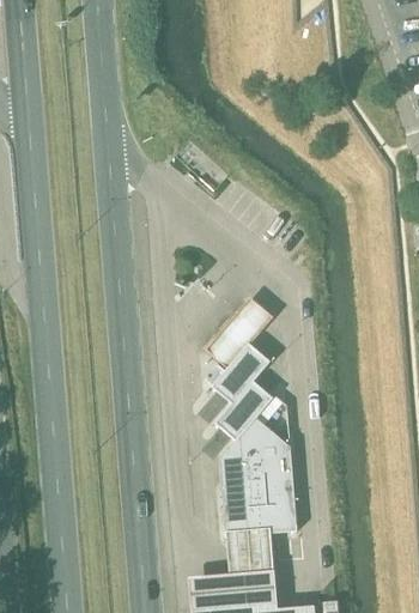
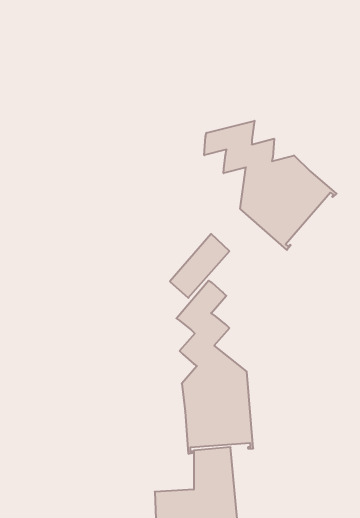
building: none -> [204,121,337,250]

